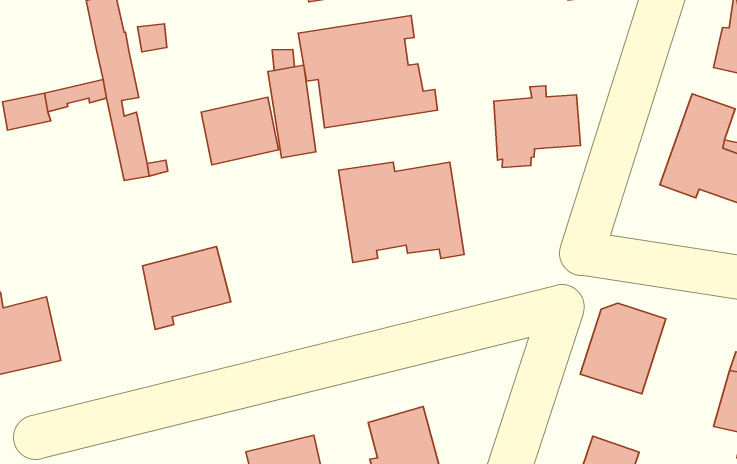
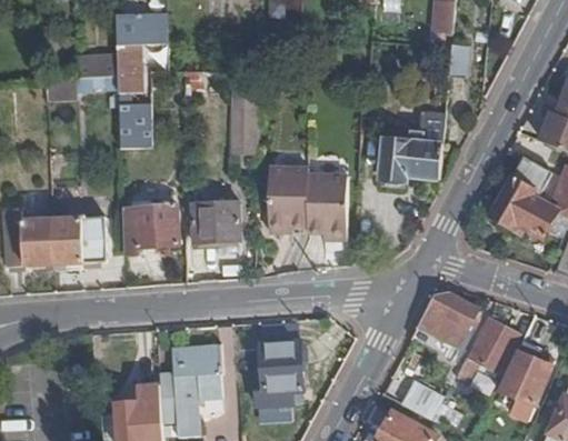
building: [298,15,438,128] -> none
building: none -> [74,52,118,77]
building: [201,97,279,165] -> [191,201,240,241]
building: none -> [52,216,106,263]
building: none -> [454,317,518,383]

